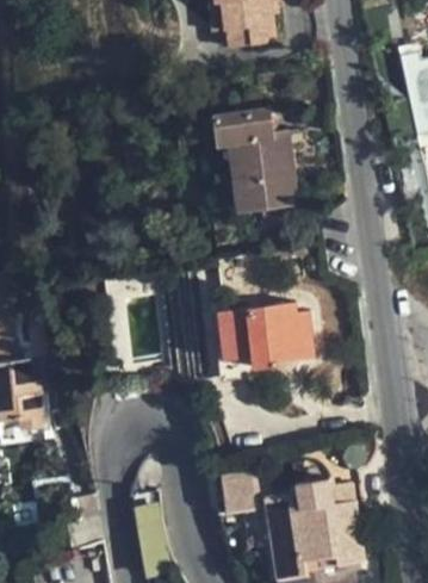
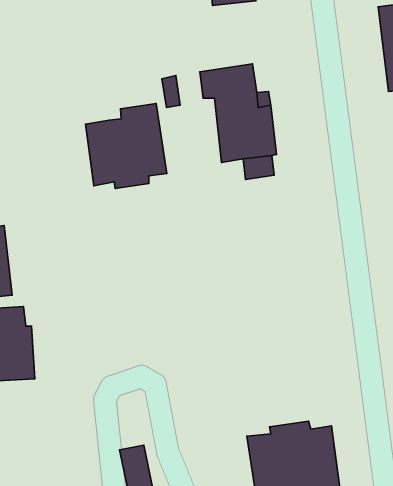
building: none -> [85,103,167,188]
building: [212,302,316,373] -> none
building: [213,471,263,515] -> none

